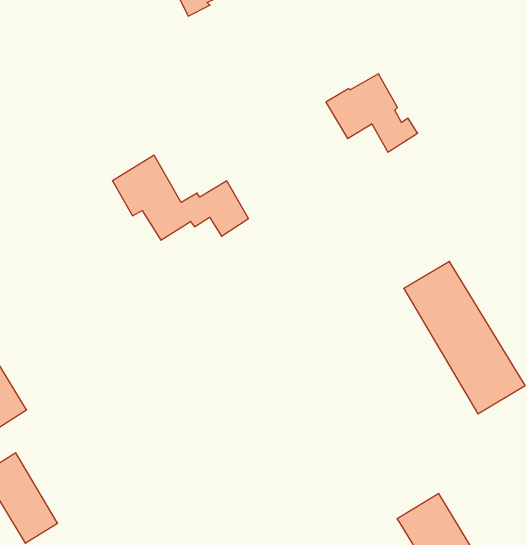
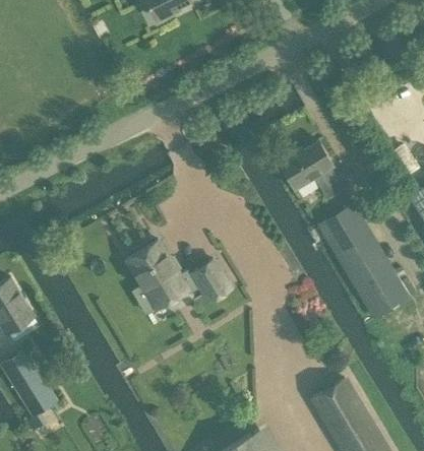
building: [326,74,418,152] -> [278,141,347,200]
building: [112,155,248,240] -> [127,242,230,306]

